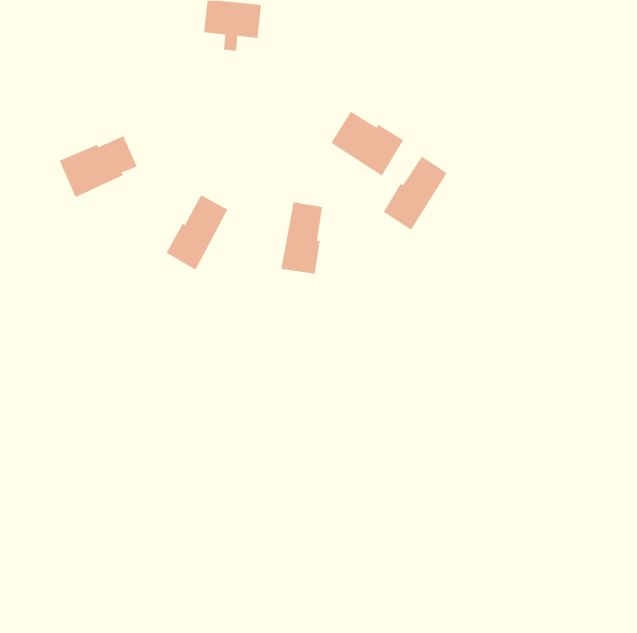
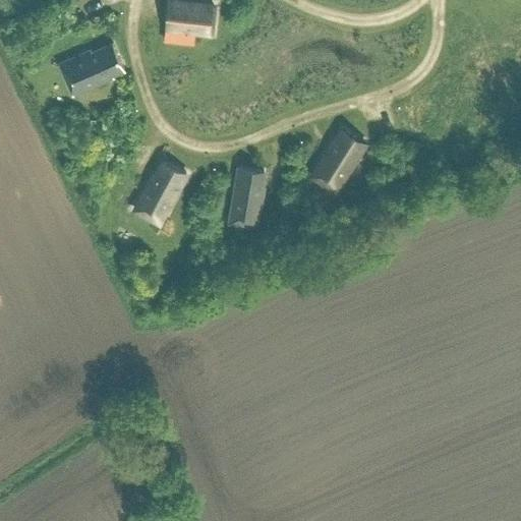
building: [330,111,404,177] -> none
building: [59,135,137,198] -> [60,45,124,96]

